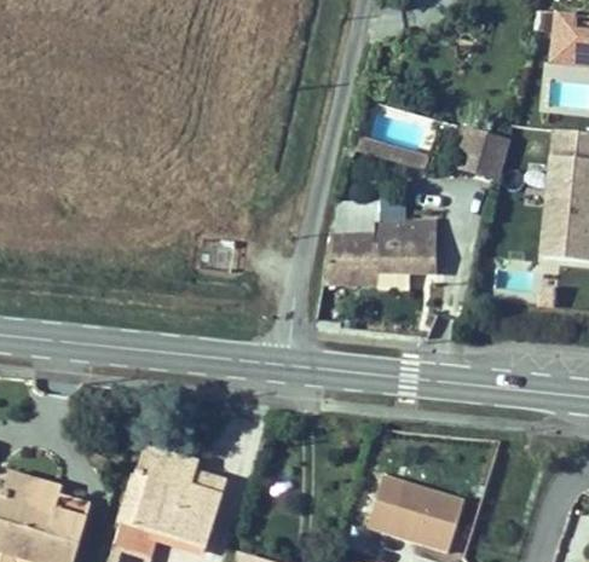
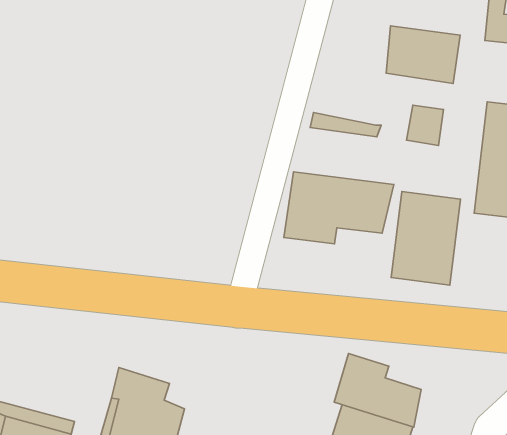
building: none -> [386,26,460,83]
building: none -> [391,191,461,285]
building: none -> [334,354,421,427]

